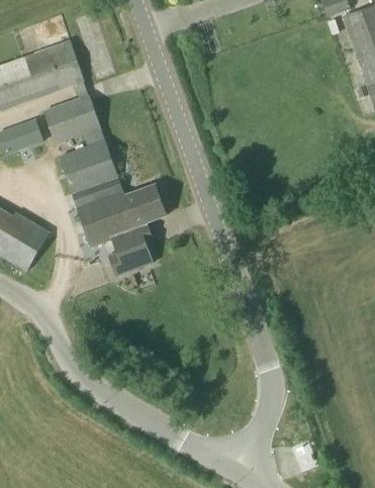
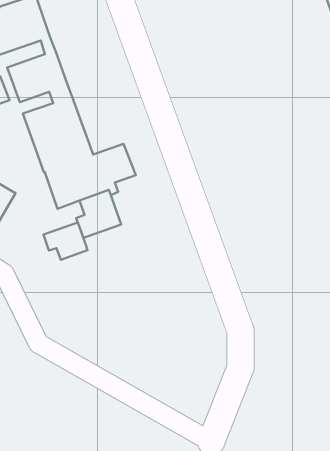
building: none -> [43,222,88,260]

